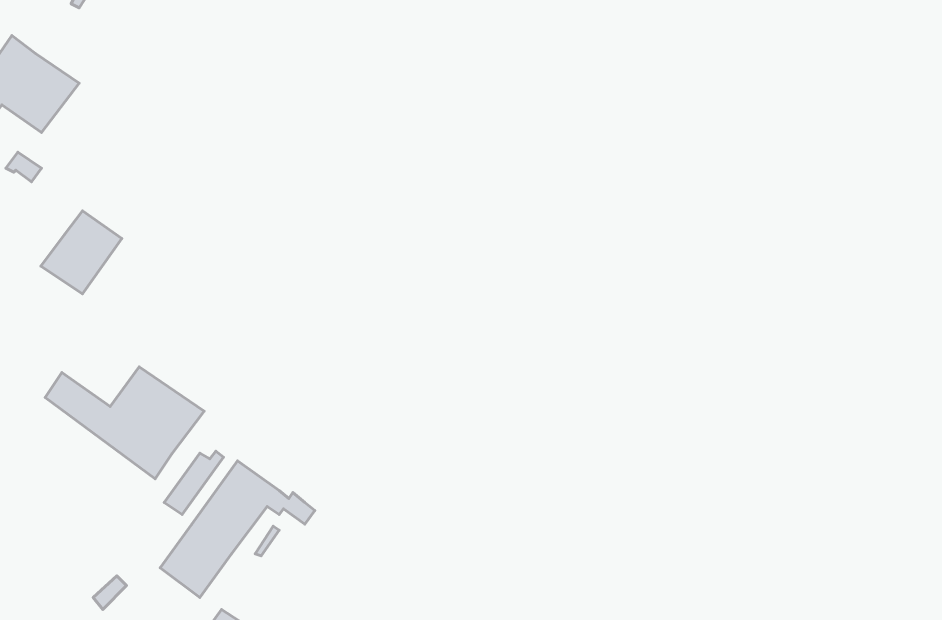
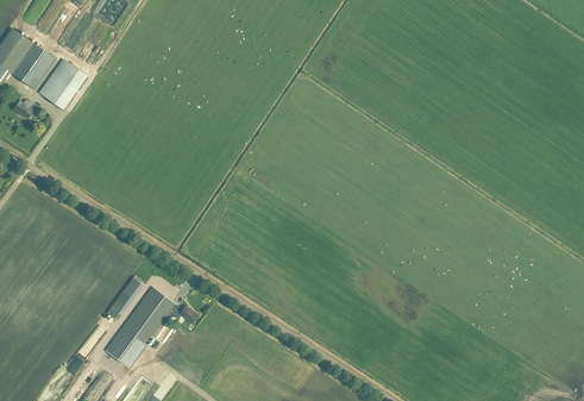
building: [41,211,122,294] -> [38,58,87,108]
building: [45,367,204,479] -> none

